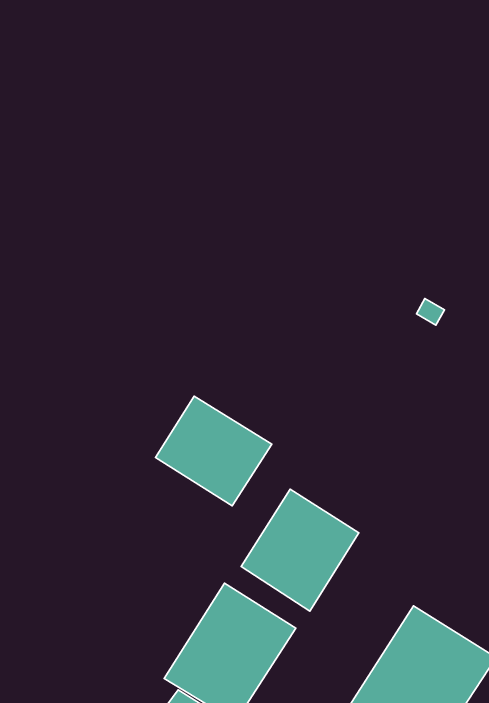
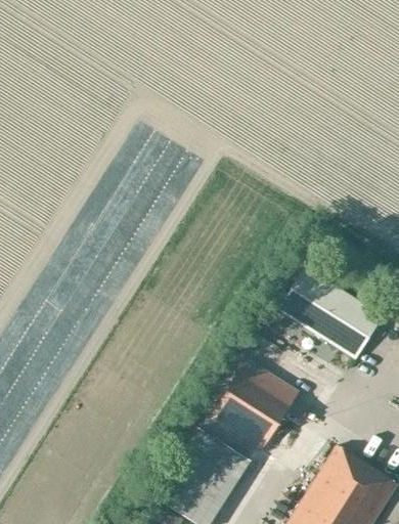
building: none -> [279,266,385,360]
building: [156,396,272,506] -> none

